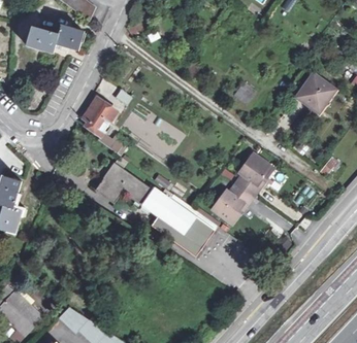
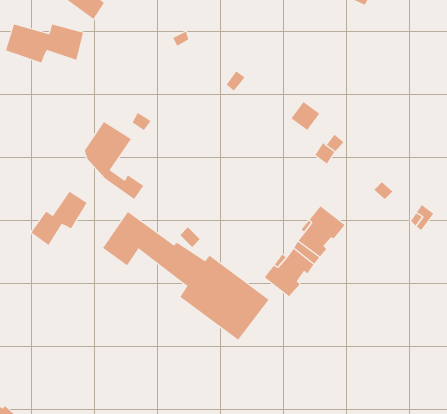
building: [296,72,335,112] -> none
building: none -> [31,191,87,246]

